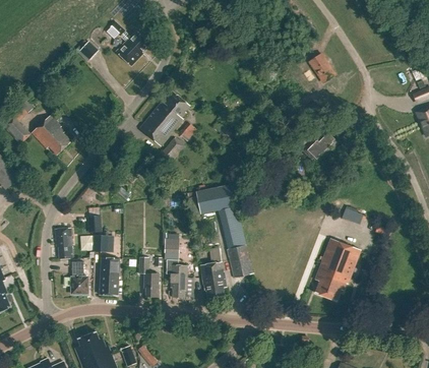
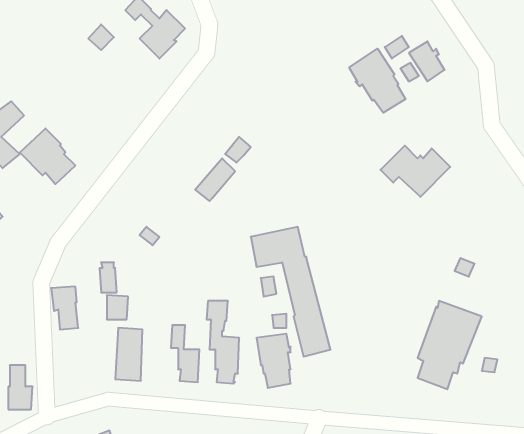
building: none -> [349,49,406,113]
building: [139,89,190,145] -> none
building: [71,261,88,293] -> [8,365,33,409]

